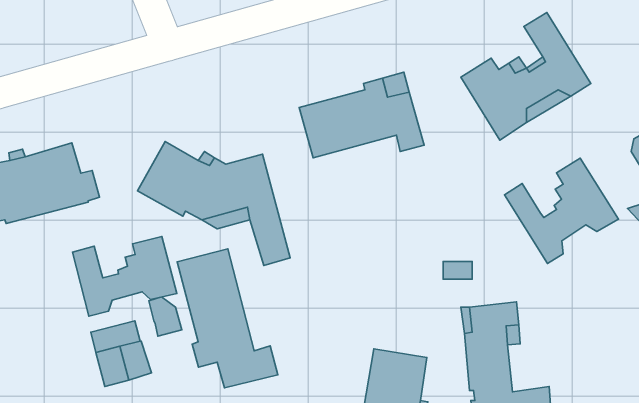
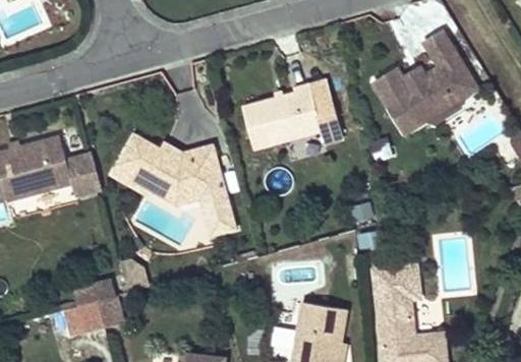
building: [505,158,619,264] -> none
building: [73,236,177,316] -> none
building: [177,249,278,388] -> none

